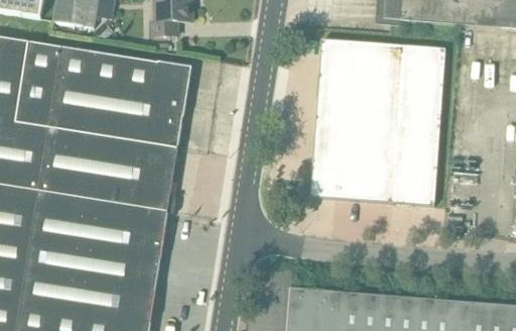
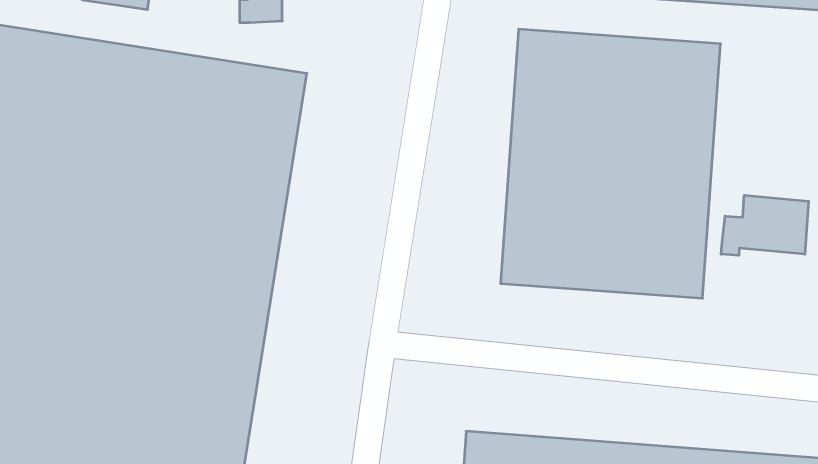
building: none -> [721,195,809,255]

